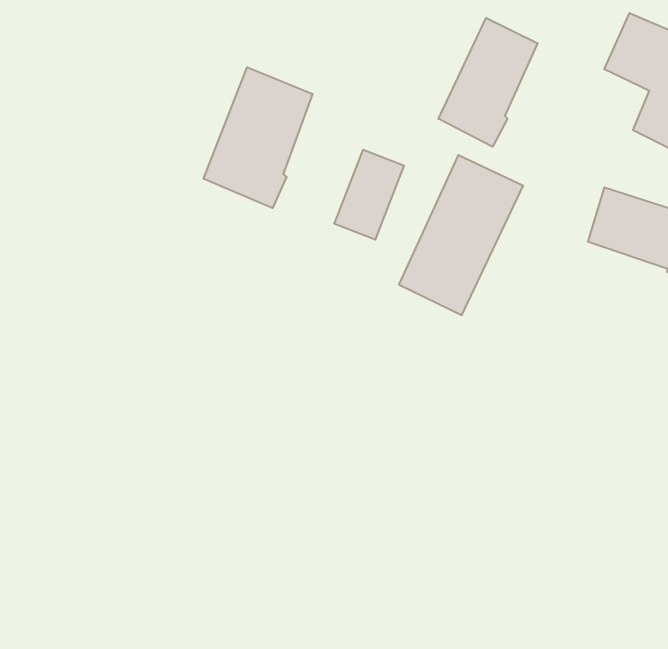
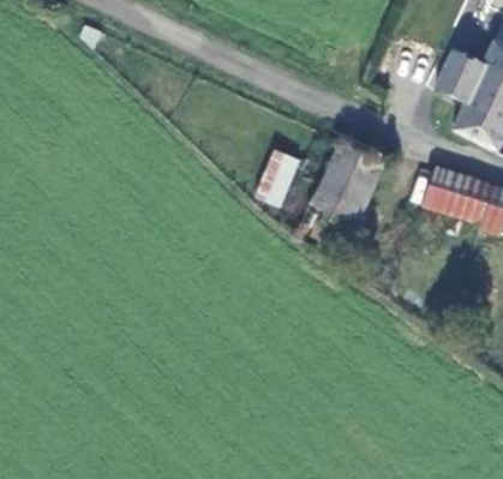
building: [438,18,538,147] -> none
building: [204,67,313,208] -> none

